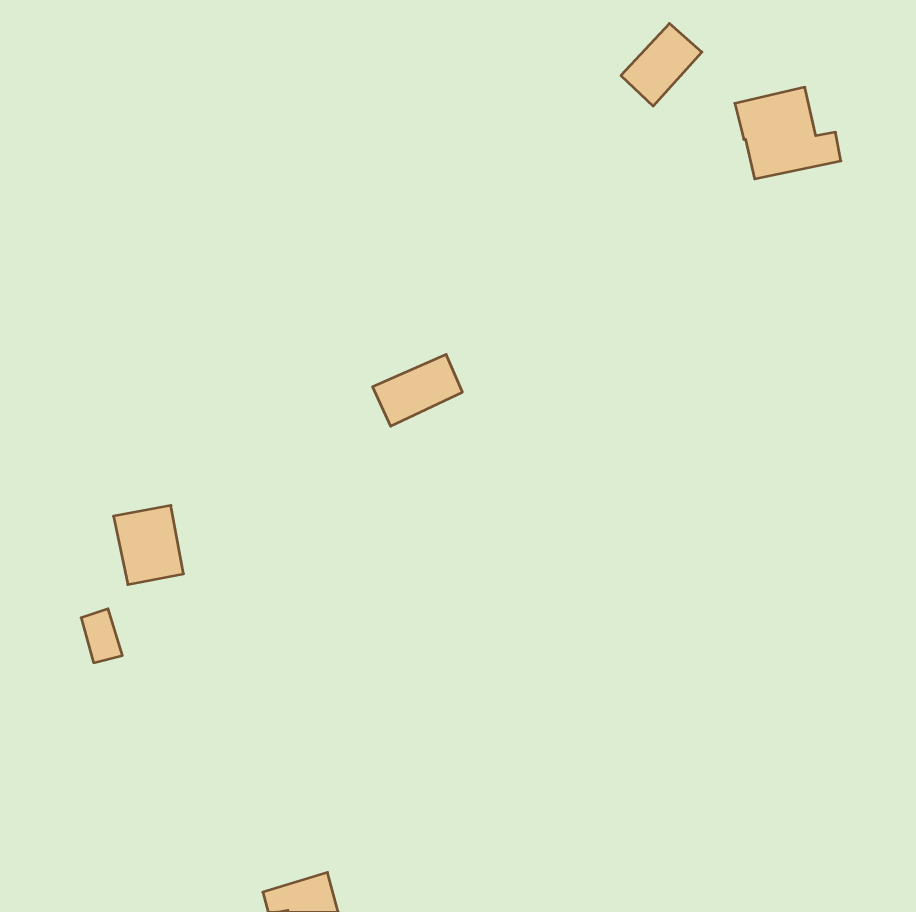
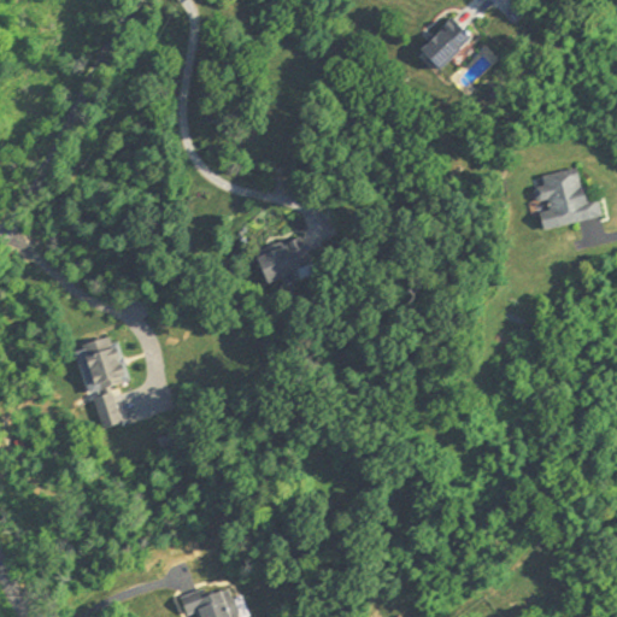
building: [735,87,841,179] -> [530,168,601,229]
building: [81,609,122,663] -> [93,393,121,429]

